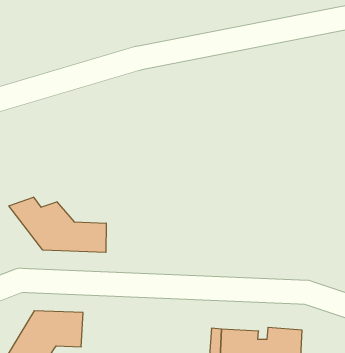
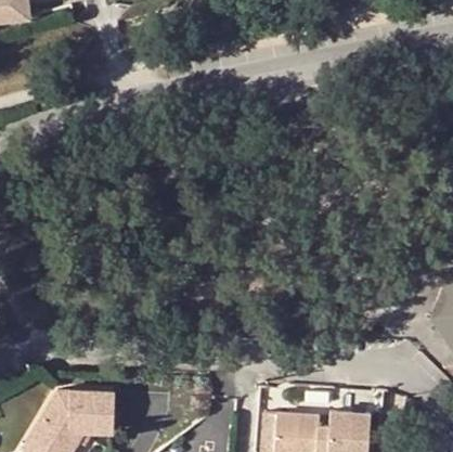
building: [9,197,106,252] -> none

